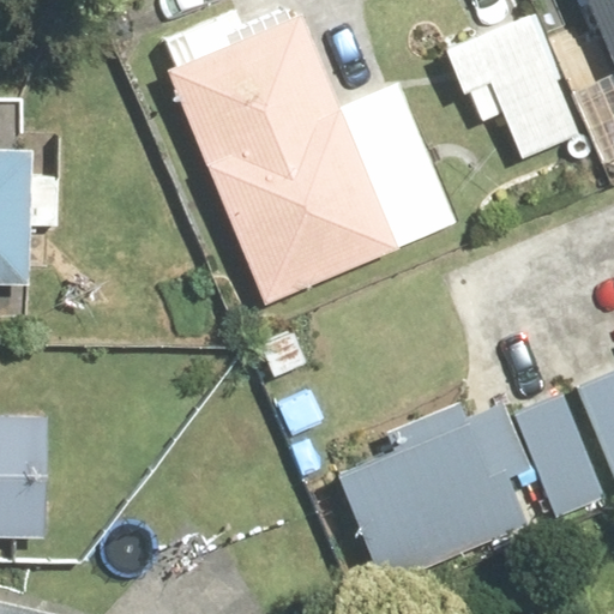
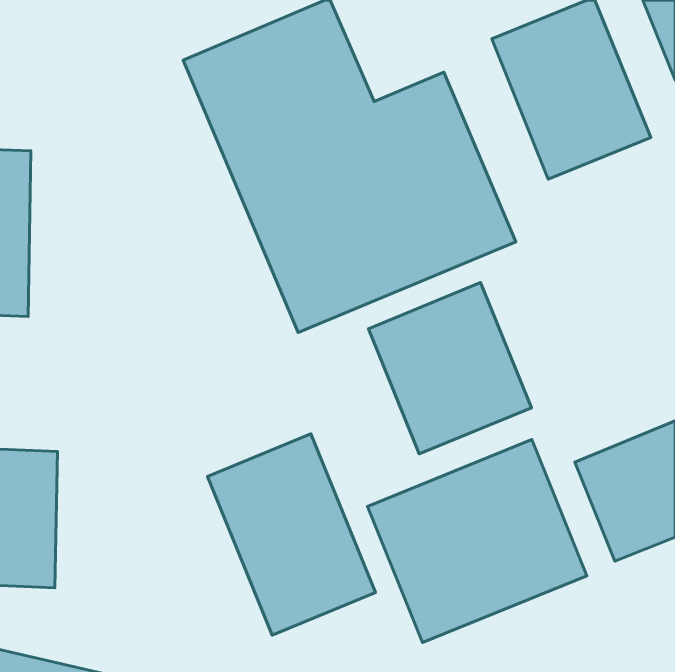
building: none -> [368,283,532,454]
building: none -> [208,434,375,635]

